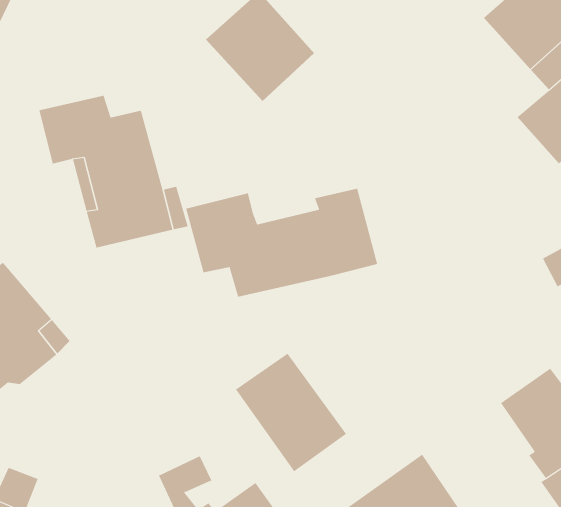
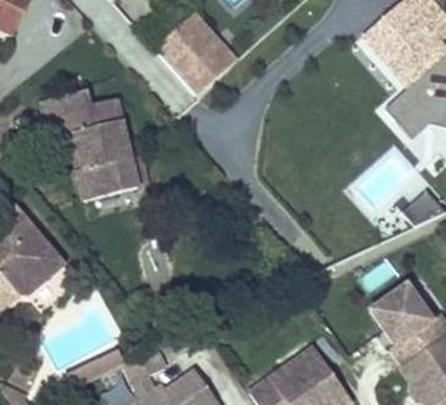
building: [186,188,378,298] -> none
building: [235,353,347,472] -> none

